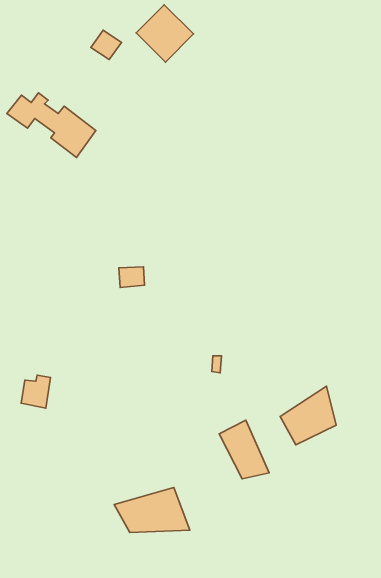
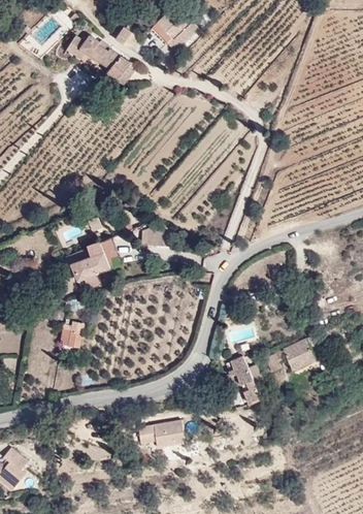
building: [7,93,96,157] -> [64,34,139,89]
building: none -> [70,235,116,285]

